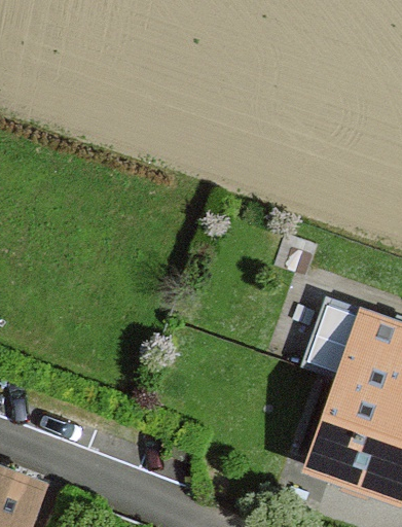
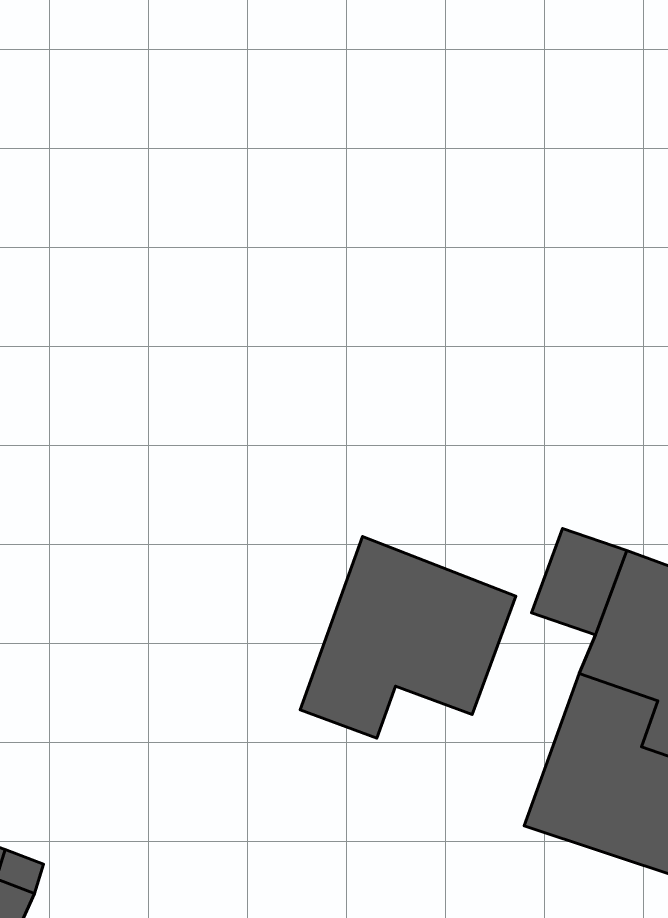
building: none -> [300,536,516,738]

